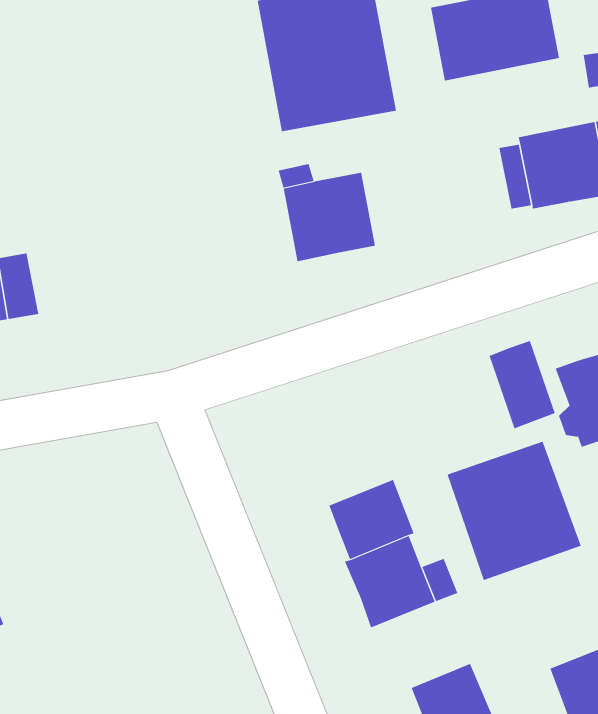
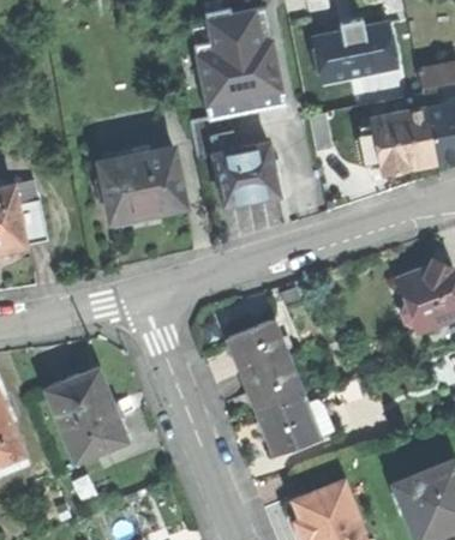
building: none -> [97,140,192,223]
building: [489,340,556,429] -> none
building: none -> [227,318,287,373]
building: [447,441,581,581] -> none
building: none -> [41,367,125,461]

